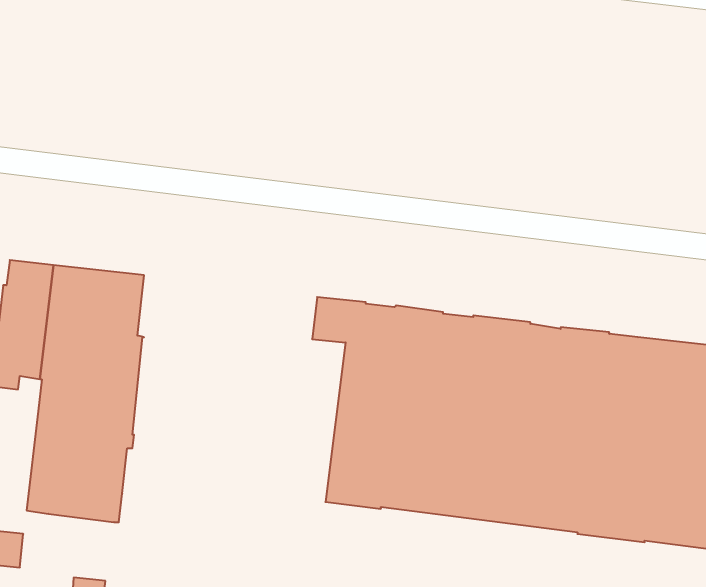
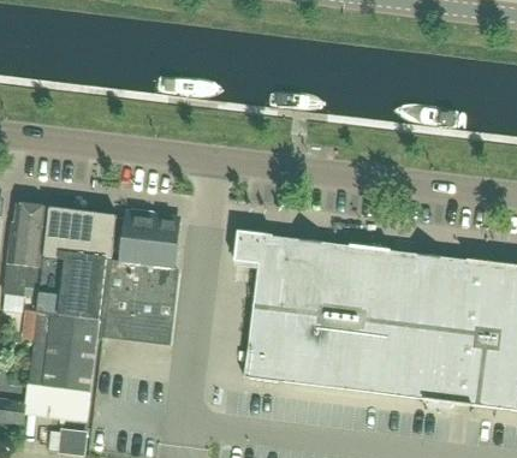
building: none -> [105,218,180,335]
building: none -> [41,385,95,423]

